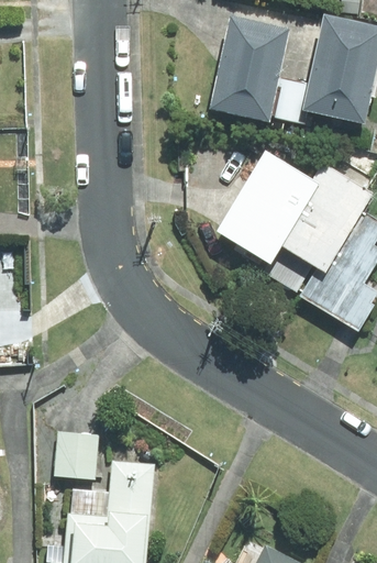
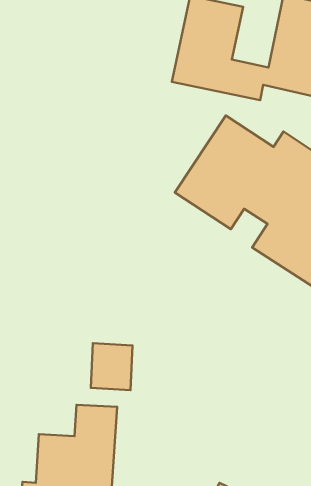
building: [52,429,97,479] -> [91,343,132,390]

